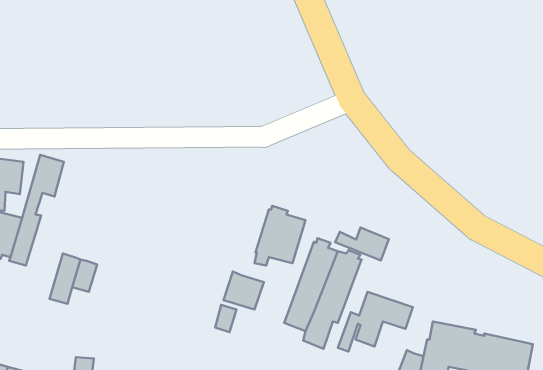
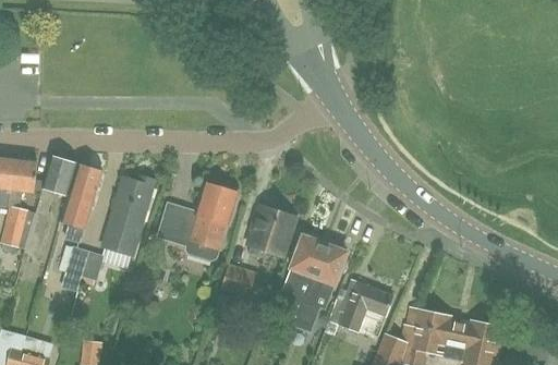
building: none -> [59,162,100,240]
building: none -> [101,177,151,255]
building: none -> [156,182,238,260]
building: [335,228,389,261] -> none

